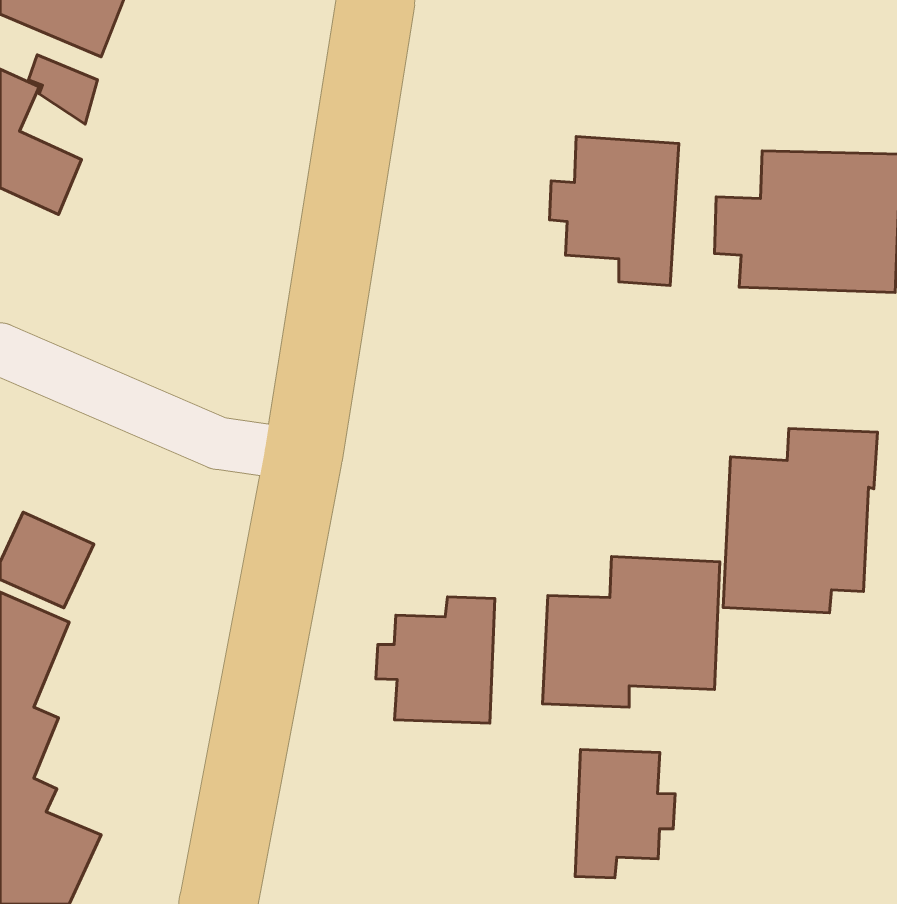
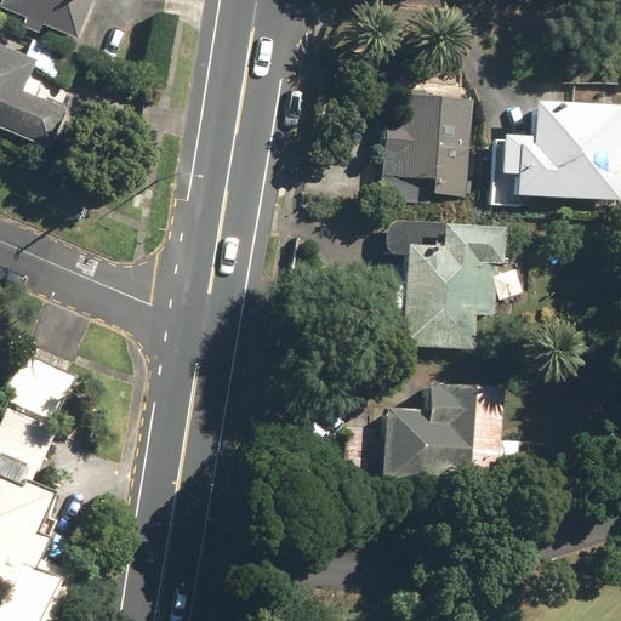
building: [723,429,878,613] -> [395,223,501,349]
building: [376,597,495,723] -> none
building: [575,750,675,878] -> none

